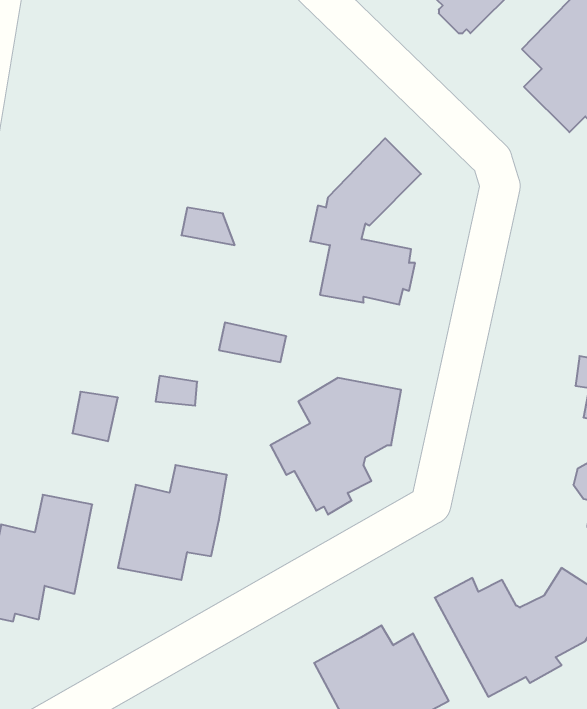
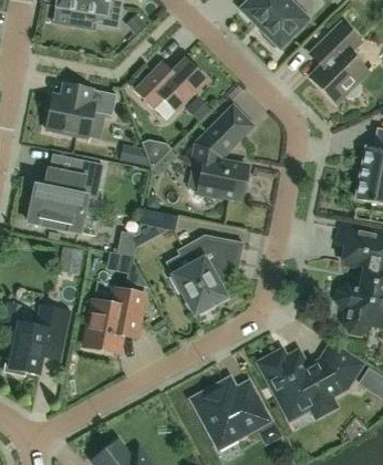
building: none -> [135,59,206,111]
building: none -> [45,82,116,137]
building: none -> [28,158,103,231]

